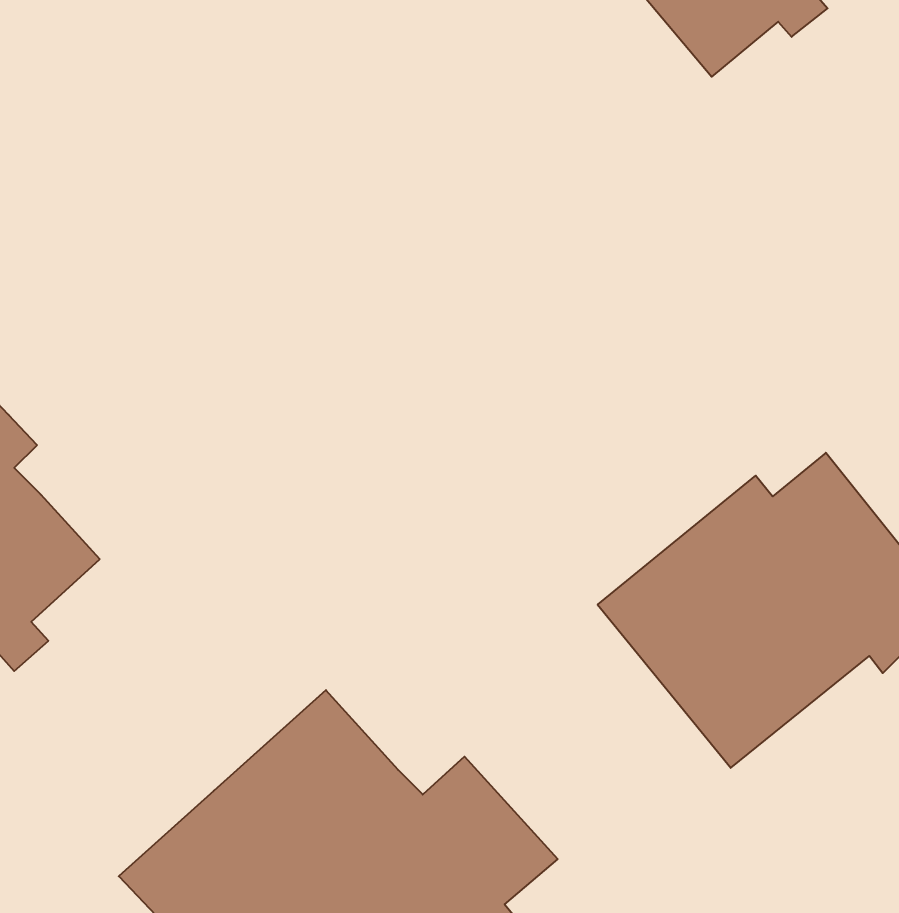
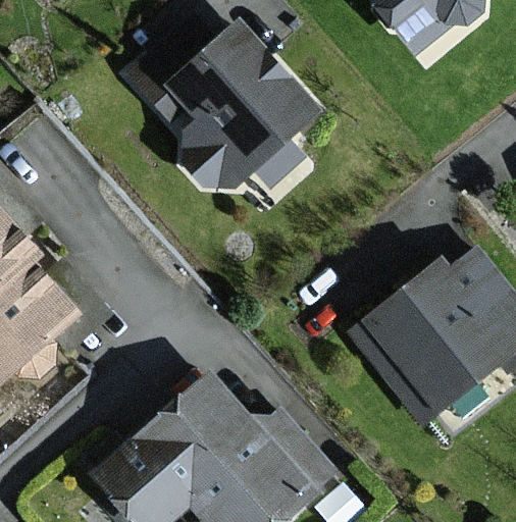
building: none -> [132,18,313,187]

